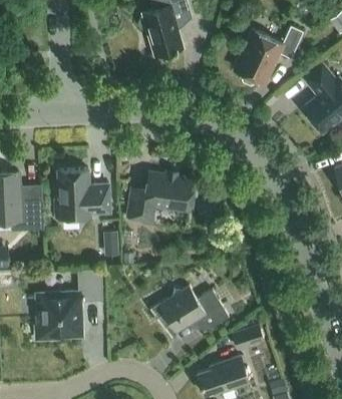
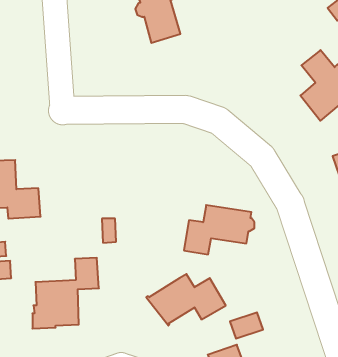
building: [236,26,303,83] -> none
building: [55,169,110,219] -> none
building: [127,172,198,222] -> [184,205,254,254]

